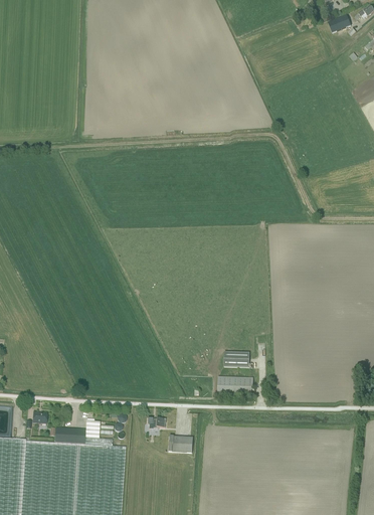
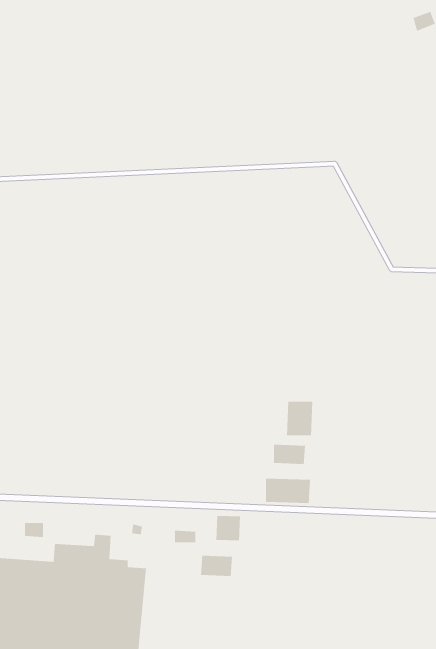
building: none -> [286,401,313,436]
building: none -> [215,515,241,541]

